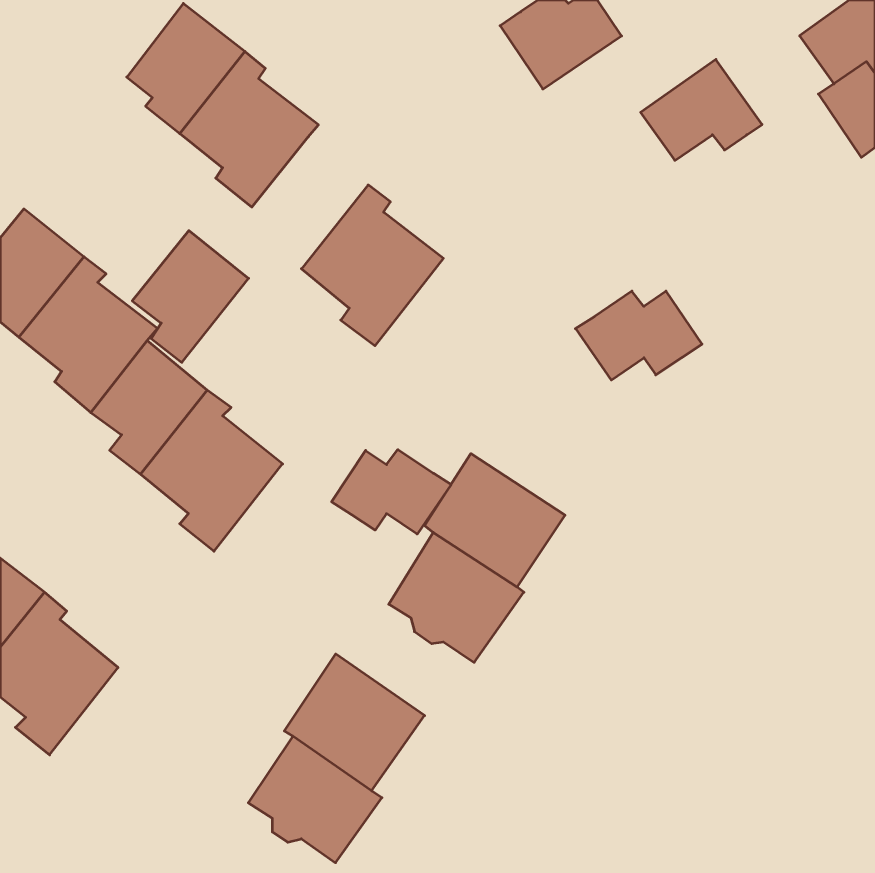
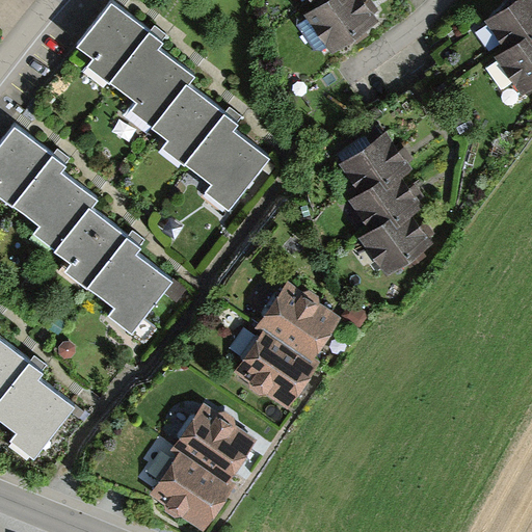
building: [641,59,762,160] -> [340,132,414,193]
building: [132,231,249,362] -> [153,84,223,164]
building: none -> [358,218,434,278]
building: [332,450,451,534] -> none

